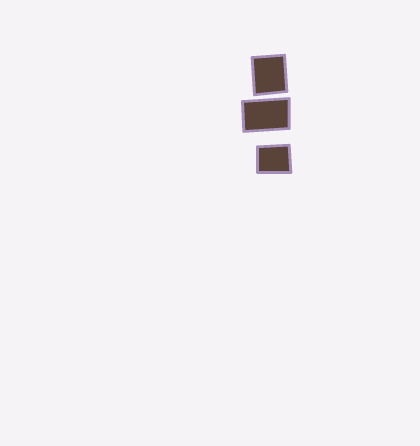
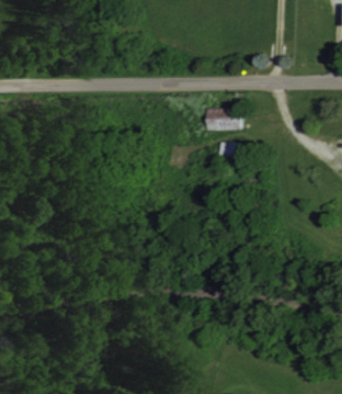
building: [252,55,287,95] -> none

